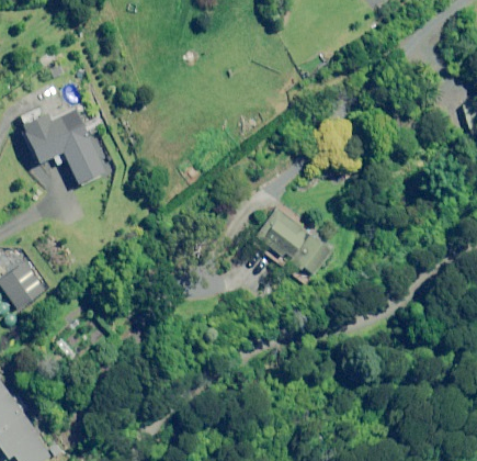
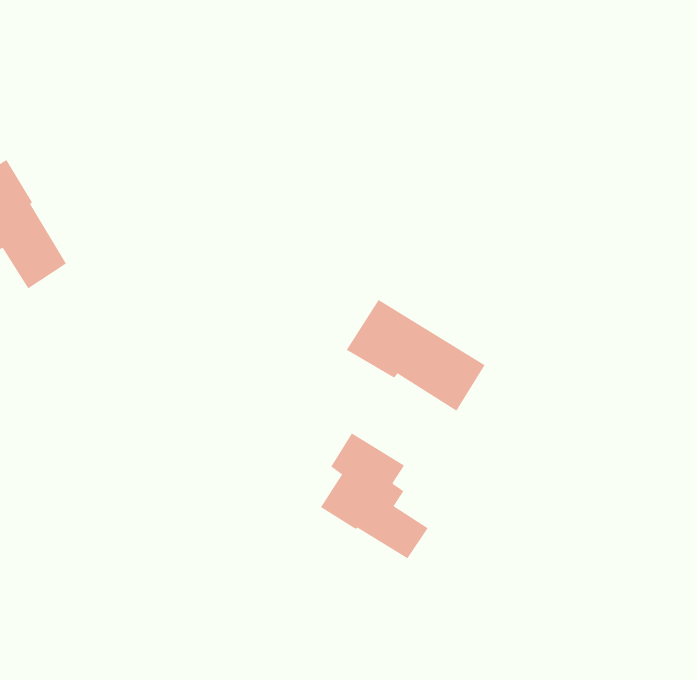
building: none -> [320,433,429,559]

